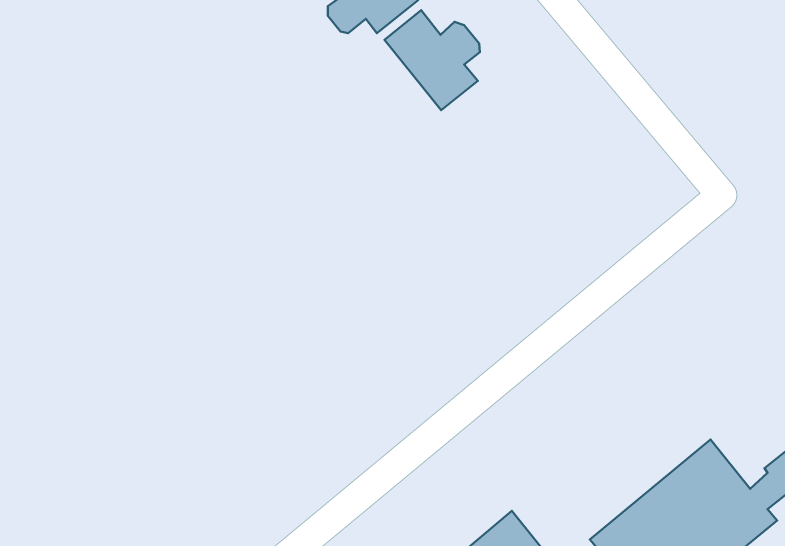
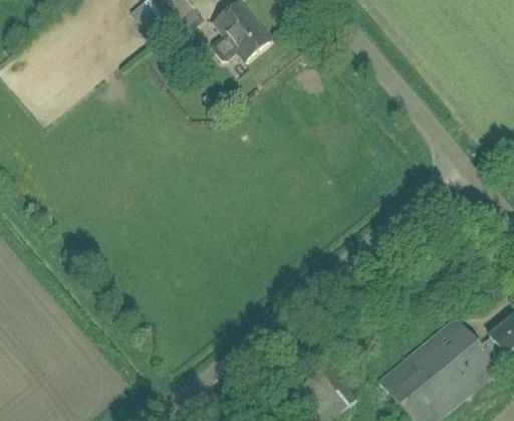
building: [384,10,480,110] -> none

